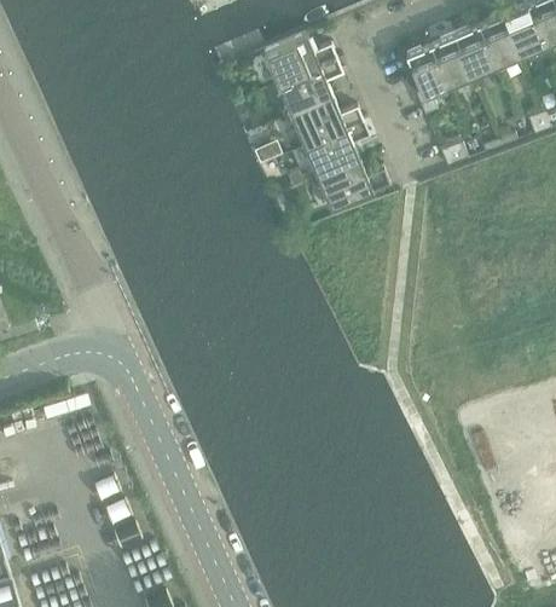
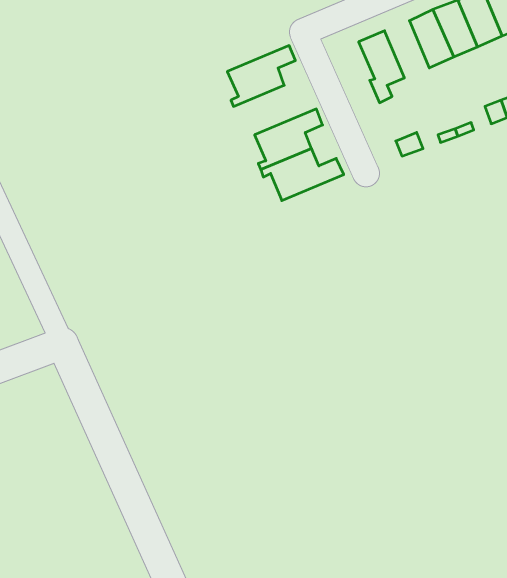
building: [262,33,336,83] -> none
building: [429,34,473,89] -> none
building: [282,97,363,145] -> none

